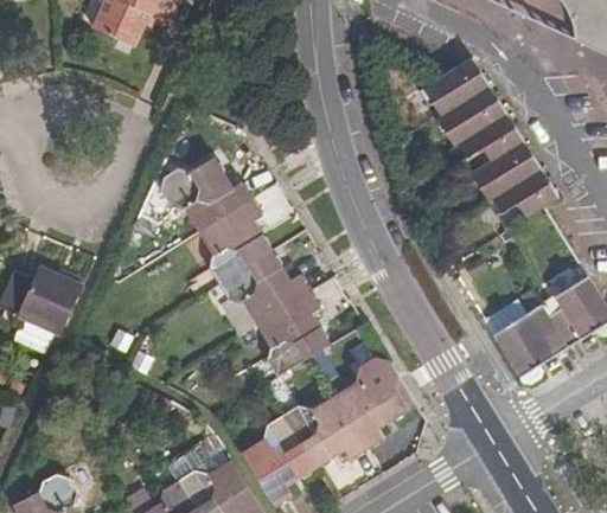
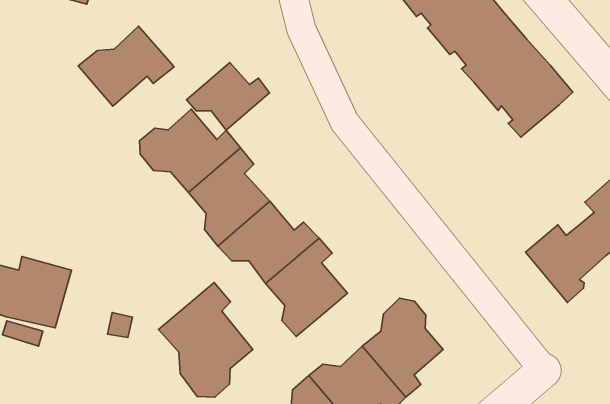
building: none -> [78,26,174,106]
building: none -> [186,63,269,130]
building: none -> [158,282,253,397]

